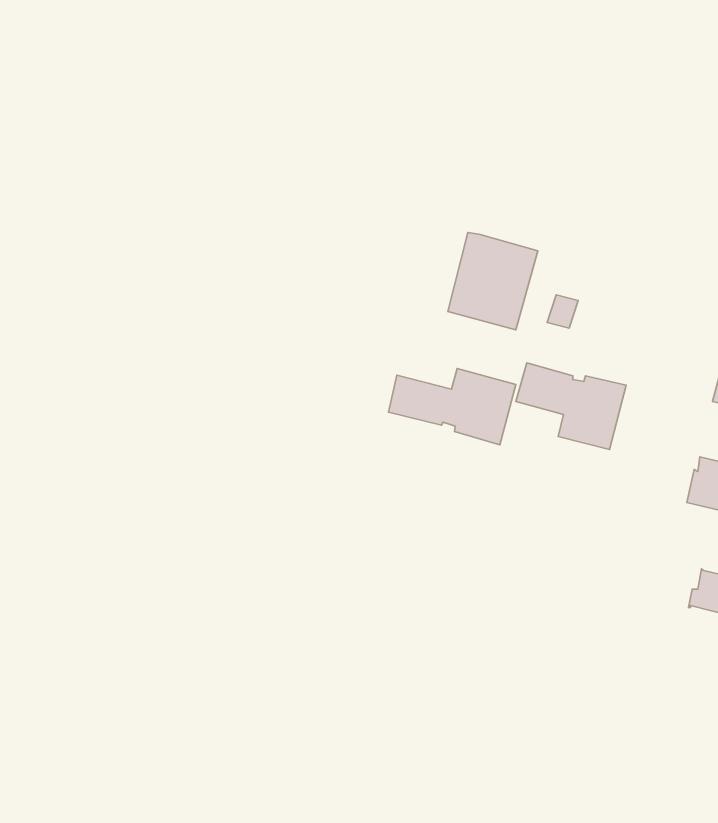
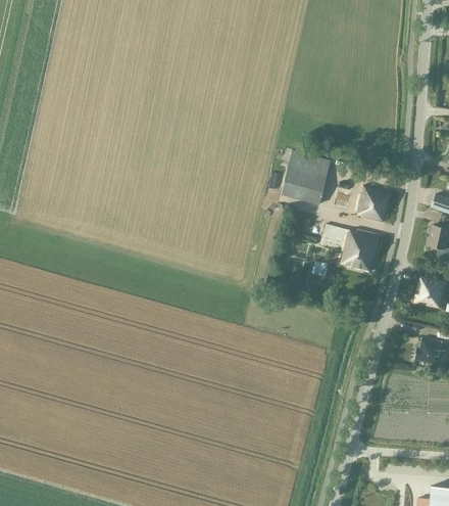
building: none -> [358,186,392,222]
building: [388,369,516,445] -> none

